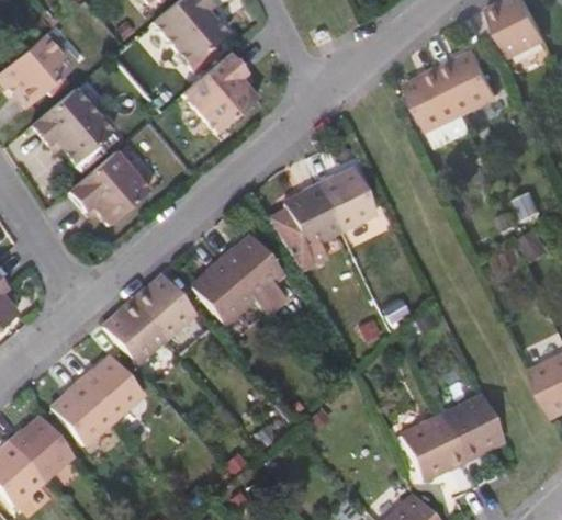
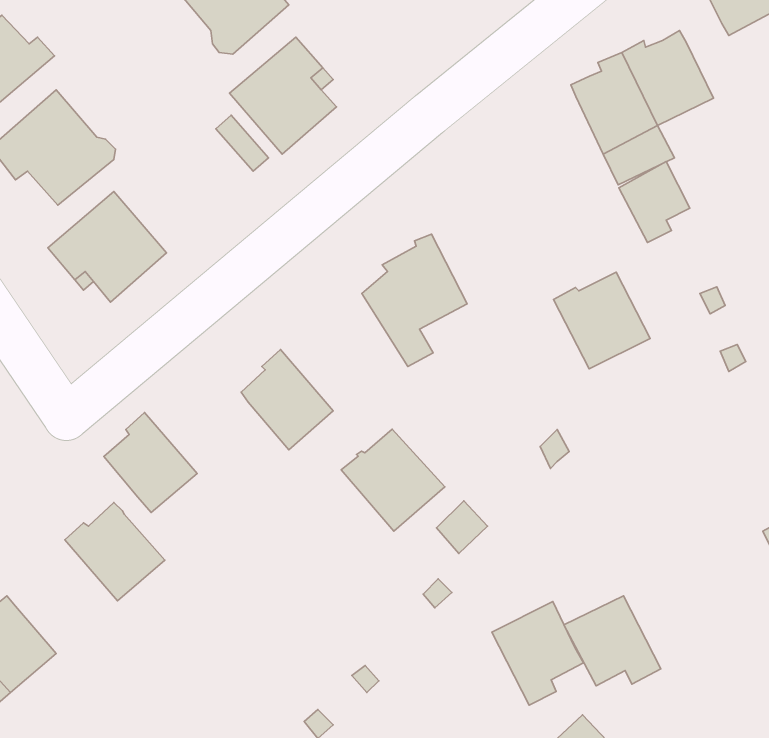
building: none -> [619,162,690,243]
building: [317,165,380,227] -> [553,272,650,369]
building: [220,230,286,296] -> [341,429,445,531]
building: [132,275,195,337] -> none
building: [54,380,114,444] -> none
building: [441,396,501,463] -> [492,602,583,705]

